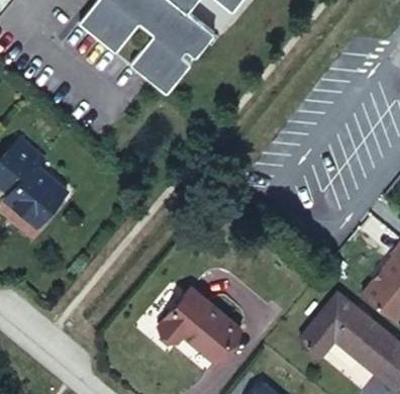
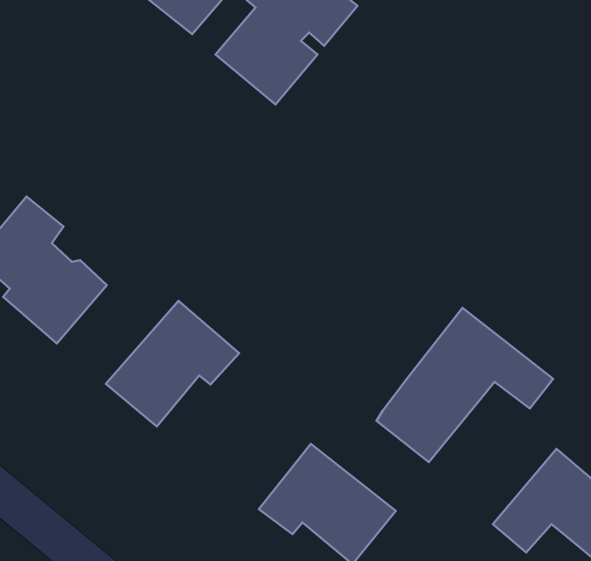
building: none -> [106,301,239,427]
building: none -> [377,308,553,462]

